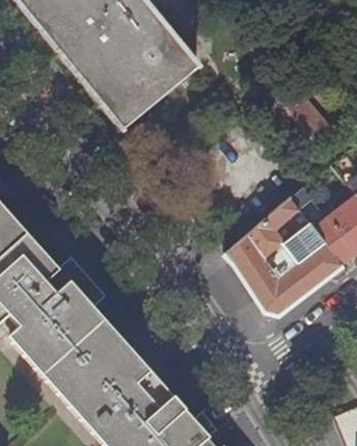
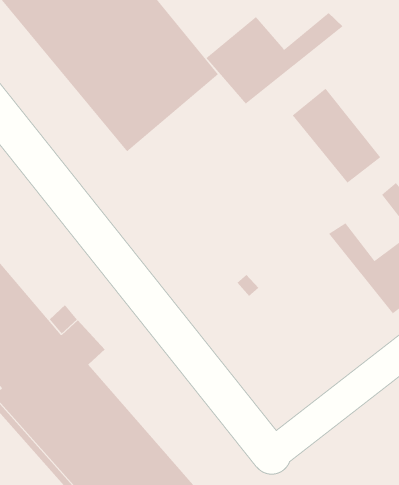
building: none -> [206,12,343,105]
building: [227,196,342,314] -> none

